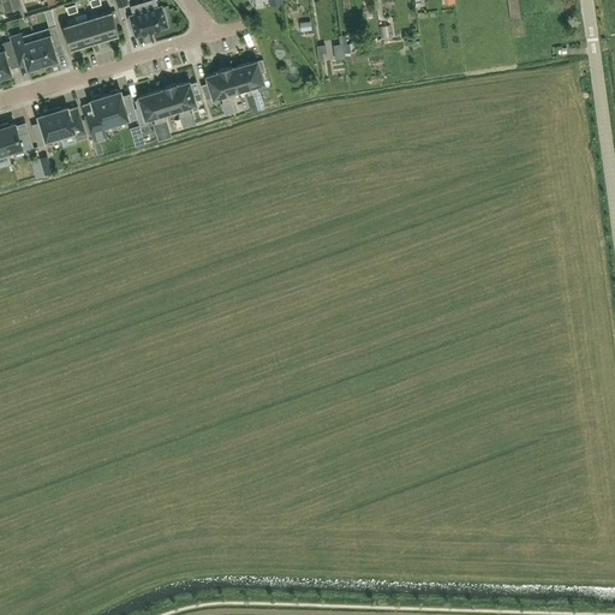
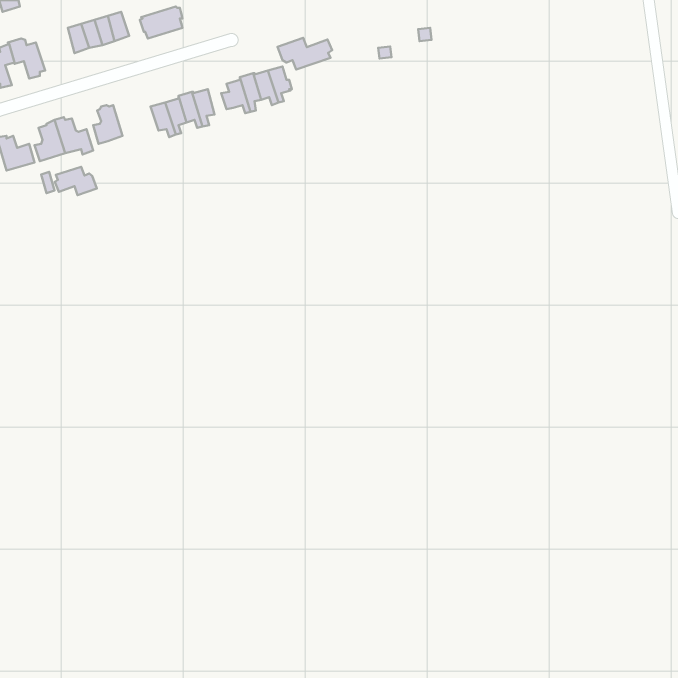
building: [32,26,60,68] -> none
building: none -> [277,38,332,69]
building: [102,91,136,125] -> none
building: none -> [55,167,97,195]

